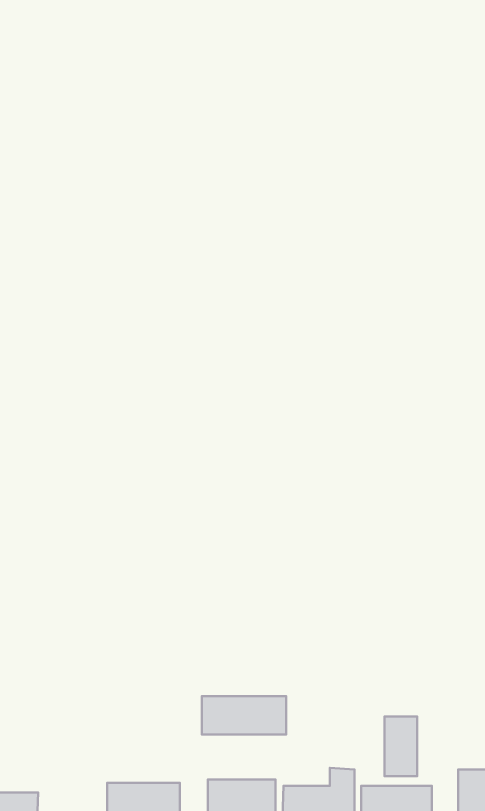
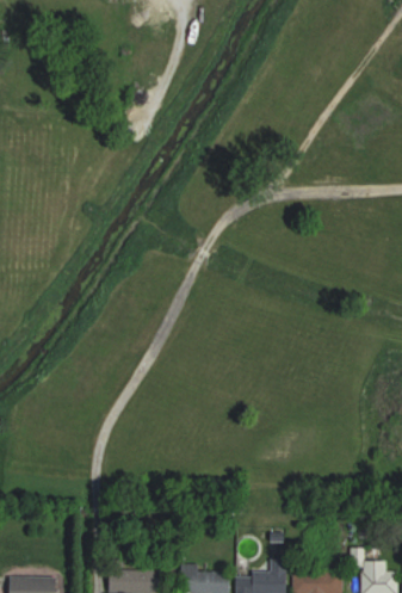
building: [202,696,286,735] -> none
building: [384,716,417,776] -> none

